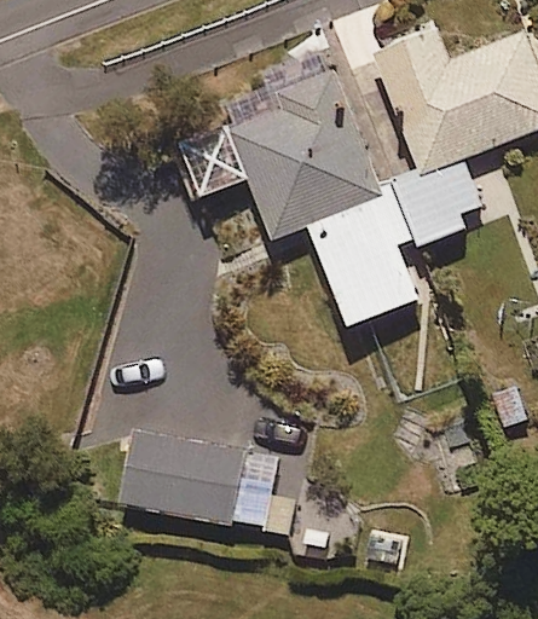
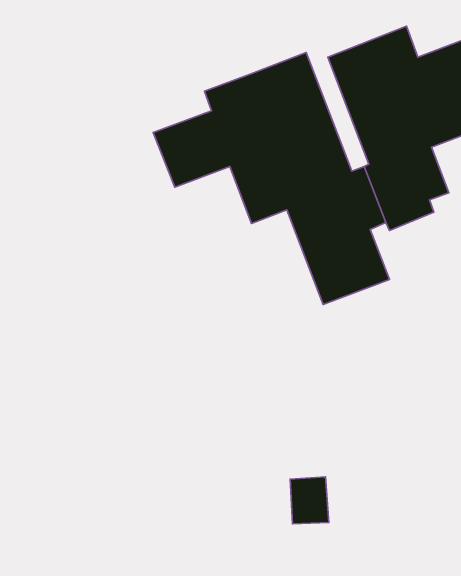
building: [118,430,296,534] -> none

